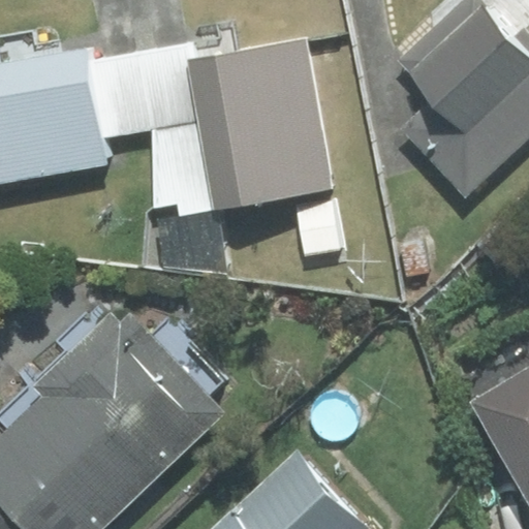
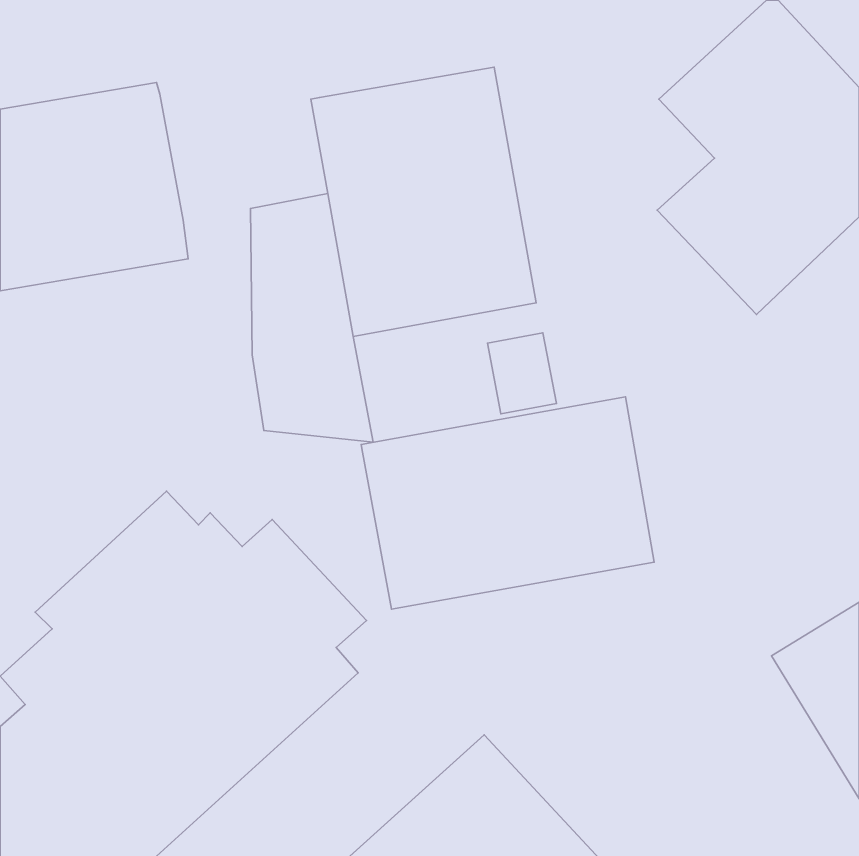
building: [98,43,201,137] -> none
building: none -> [361,397,654,609]

